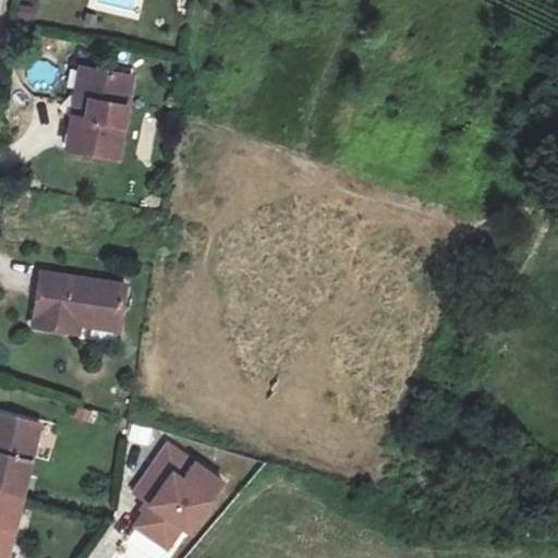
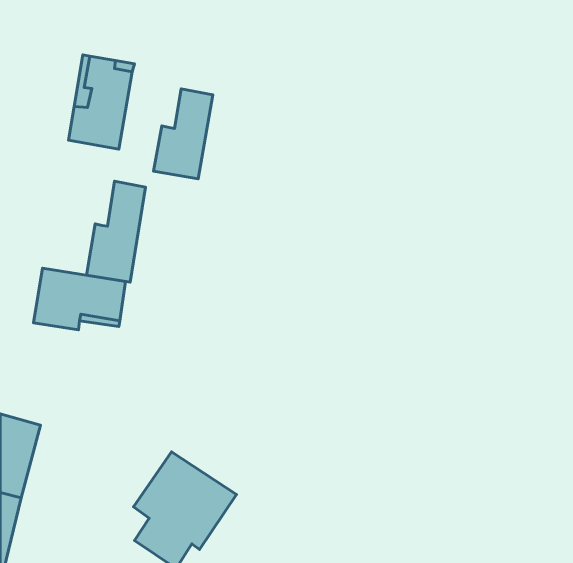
building: none -> [154,89,213,179]
building: none -> [86,181,146,282]

